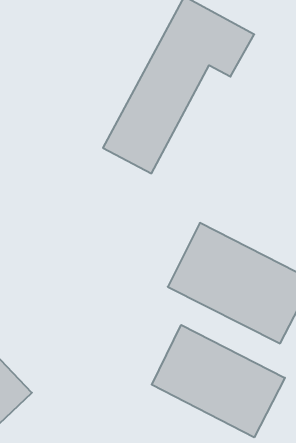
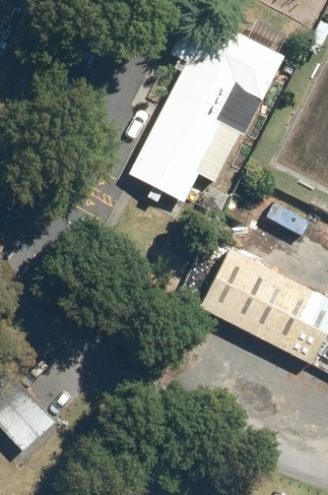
building: [152,325,285,437] -> none

